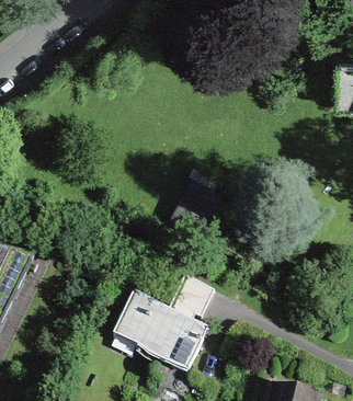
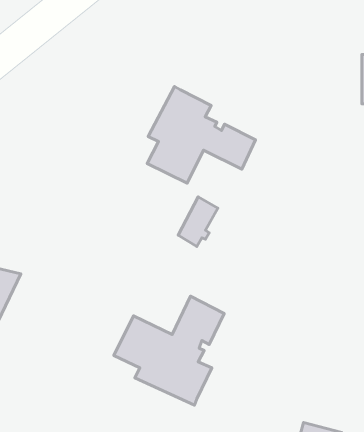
building: none -> [147,87,255,183]

